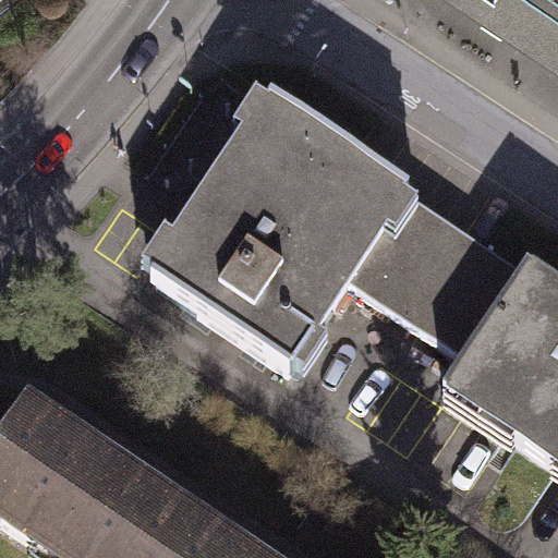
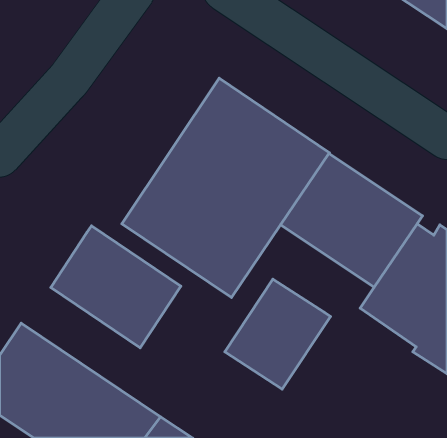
building: none -> [51,226,181,348]
building: none -> [225,279,330,389]

